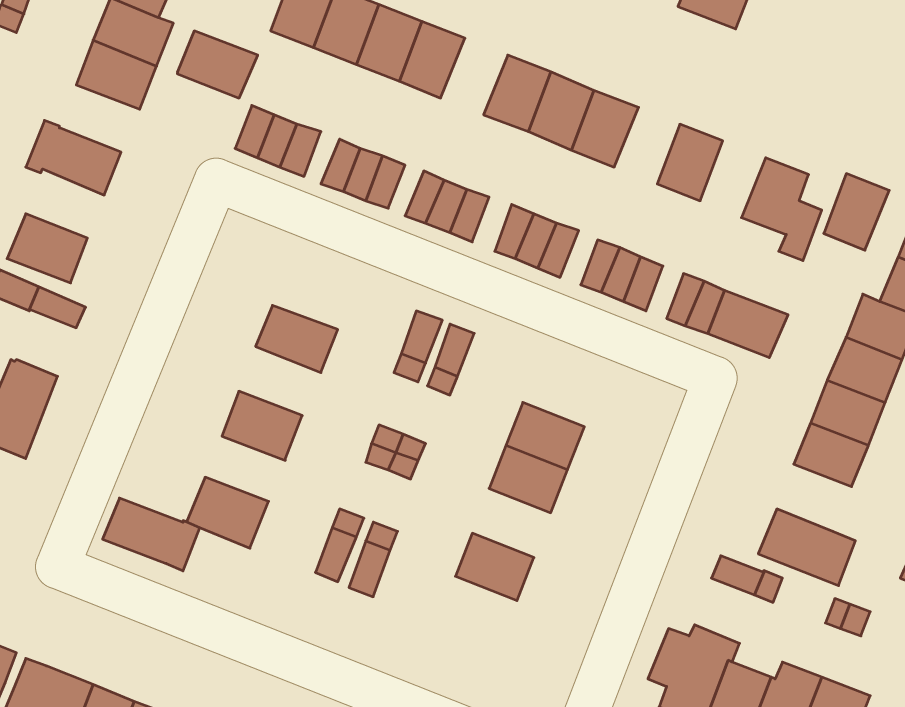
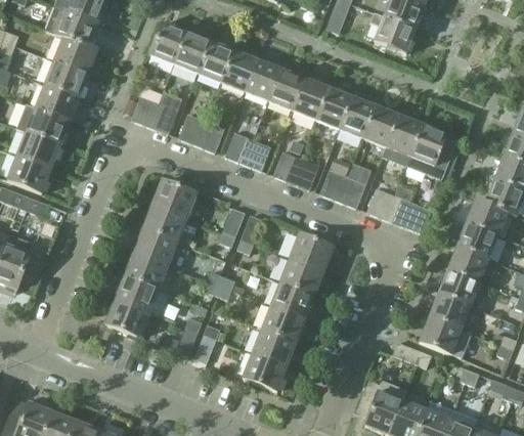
building: [177,31,258,98] -> [35,84,79,121]
building: none -> [244,58,280,100]
building: none -> [339,96,375,138]
building: none -> [16,130,59,168]
building: [824,174,889,250] -> [386,115,422,157]
building: none -> [151,180,196,218]
building: none -> [133,227,178,265]
building: none -> [289,233,332,271]
building: none -> [428,292,469,329]
building: none -> [261,305,304,343]
building: [103,498,200,571] -> [115,276,168,316]
building: none -> [242,353,286,391]

